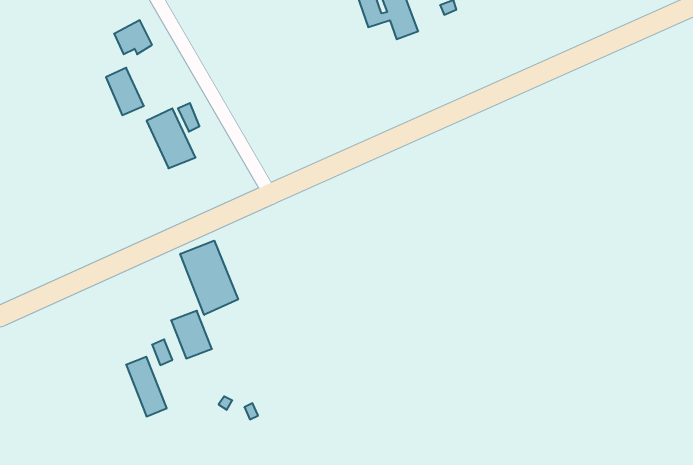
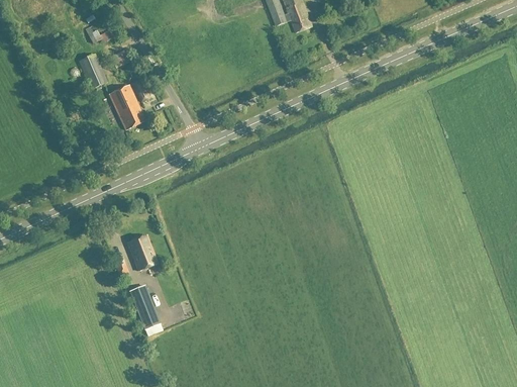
building: [180,241,238,315] -> none
building: [126,357,167,416] -> [129,284,160,328]

